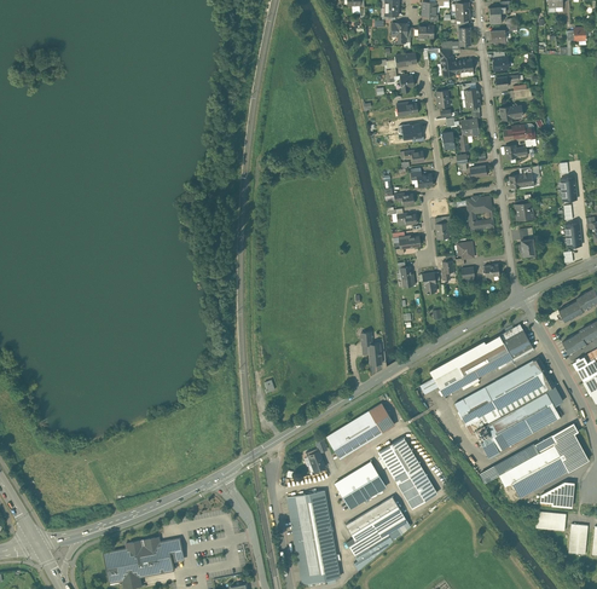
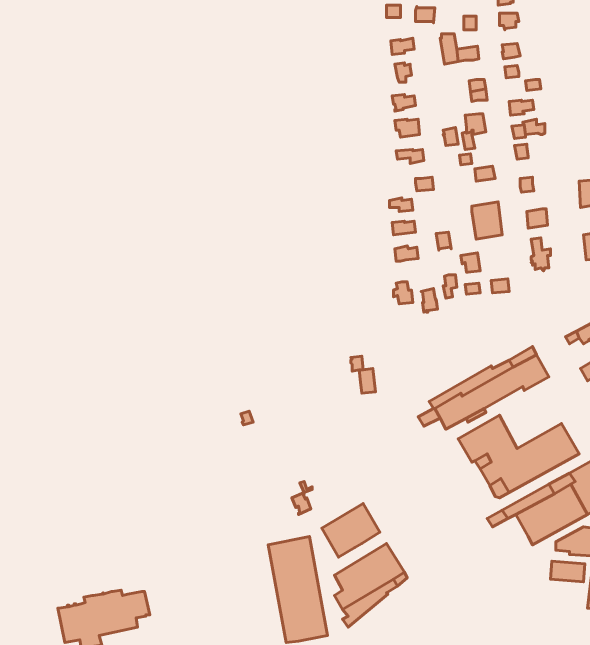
building: [491,357,553,412] -> none
building: [326,403,394,457] -> none
building: [378,437,436,507] -> none

